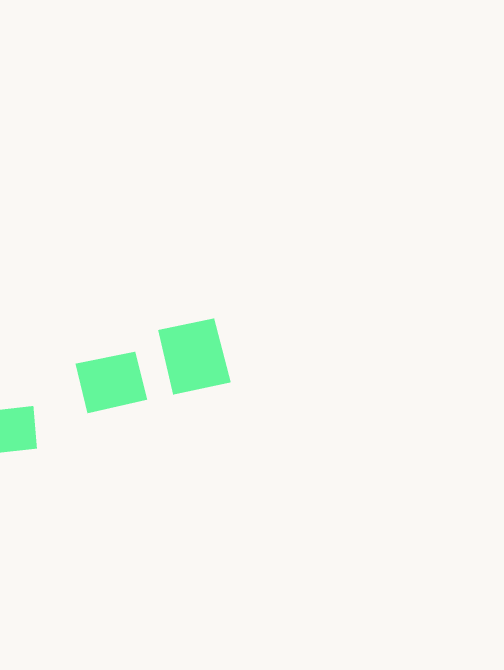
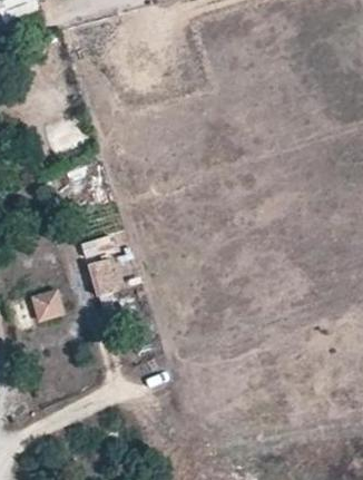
building: [157,318,232,396] -> none

